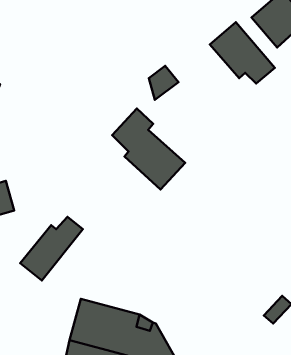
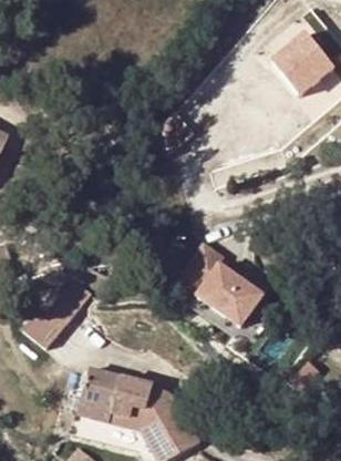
building: [210,22,275,84] -> none
building: [112,108,185,189] -> [190,230,269,318]

